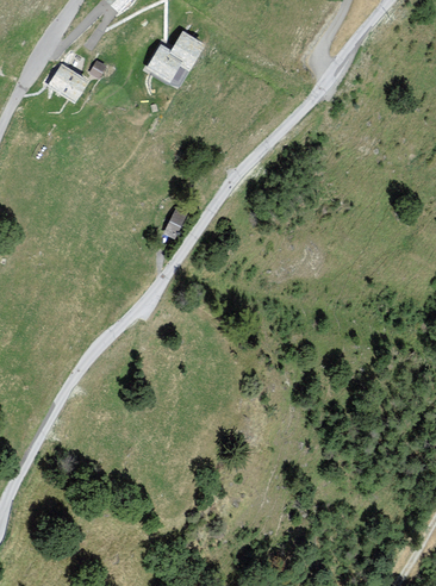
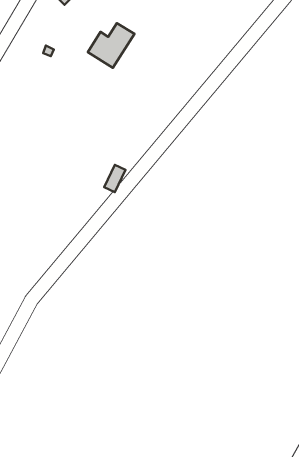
building: [54,68,92,106] -> none

